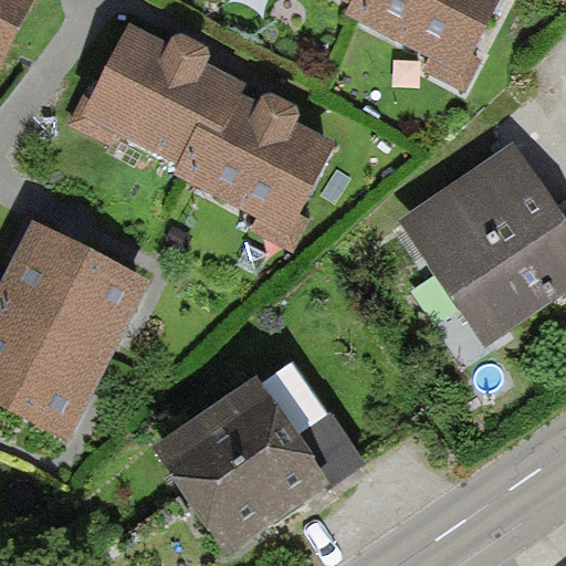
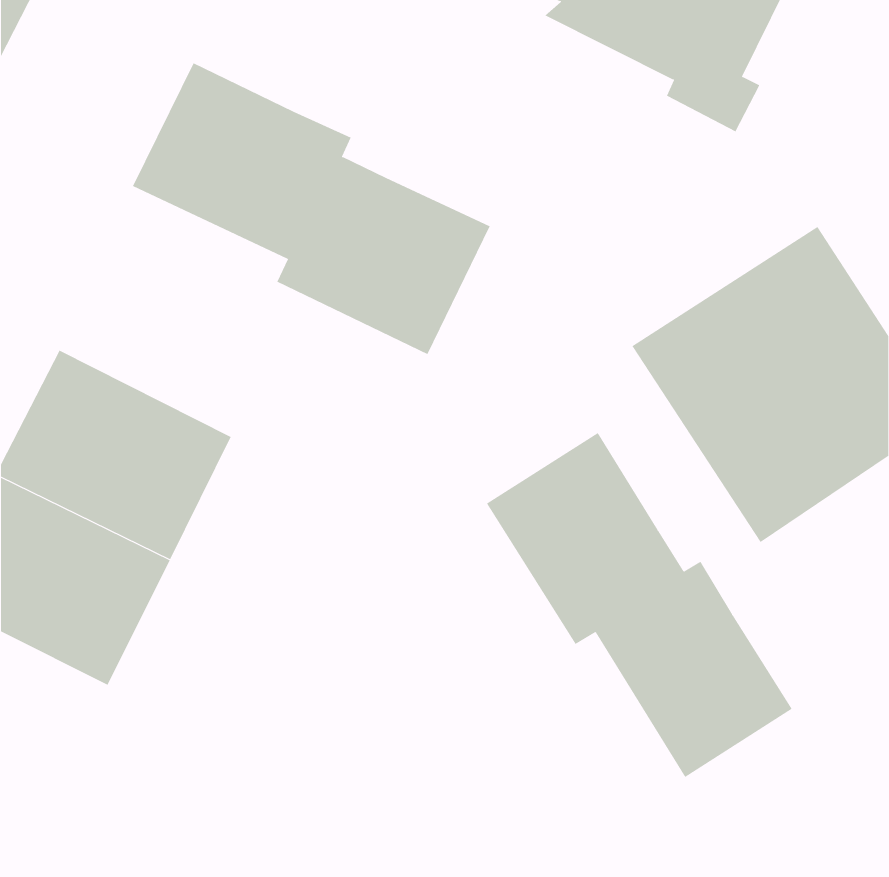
building: none -> [486,432,792,778]
building: [159,376,360,546] -> none

